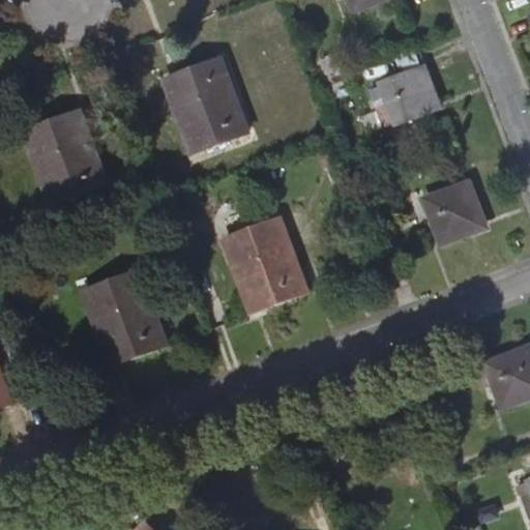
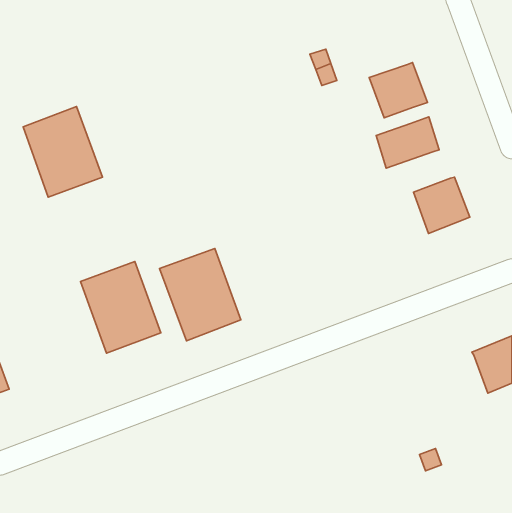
building: [164,57,246,151] -> none
building: none -> [376,117,439,168]
building: [223,216,306,312] -> [159,248,241,341]

